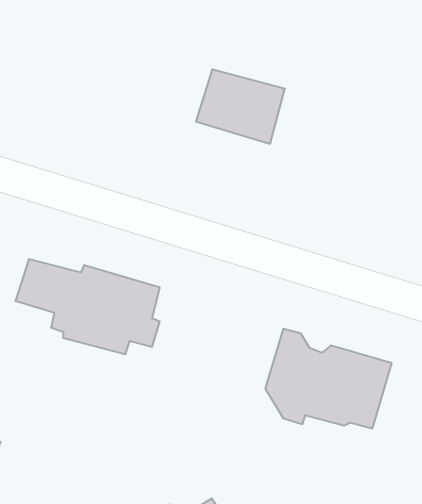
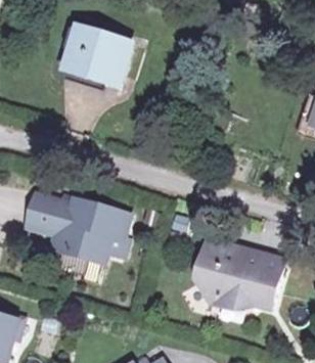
building: [196,69,285,144] -> [63,31,125,82]

